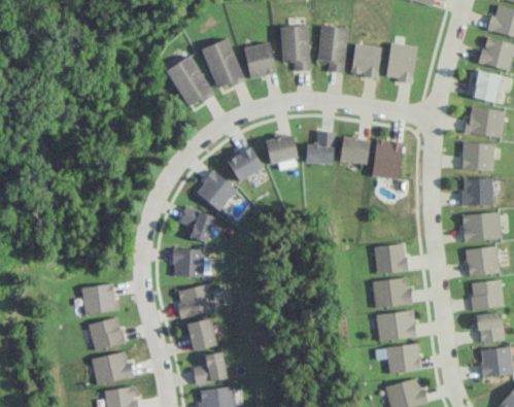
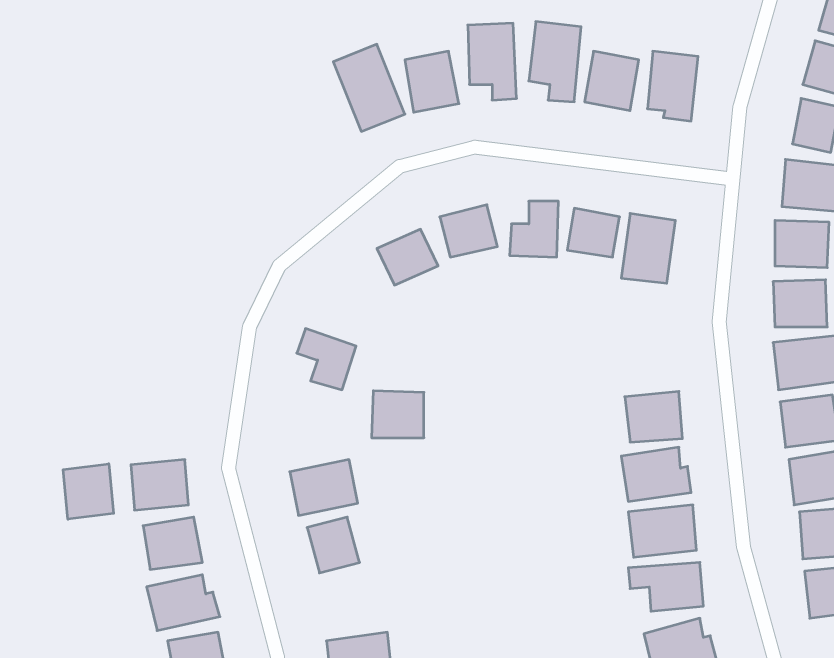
building: [165,55,212,107] -> none
building: [195,170,236,211] -> none
building: [172,248,203,276] -> [372,391,424,438]
building: none -> [63,464,114,519]
building: [193,351,226,383] -> none

